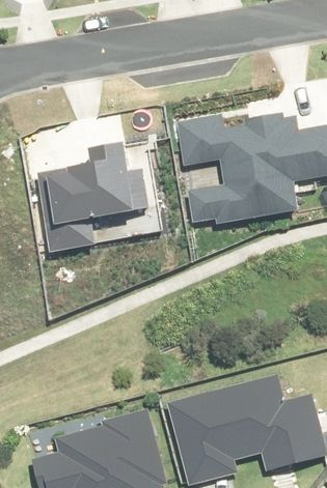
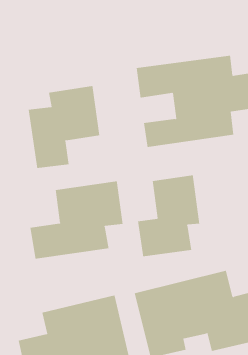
building: none -> [137,175,200,257]
building: none -> [30,180,123,259]

